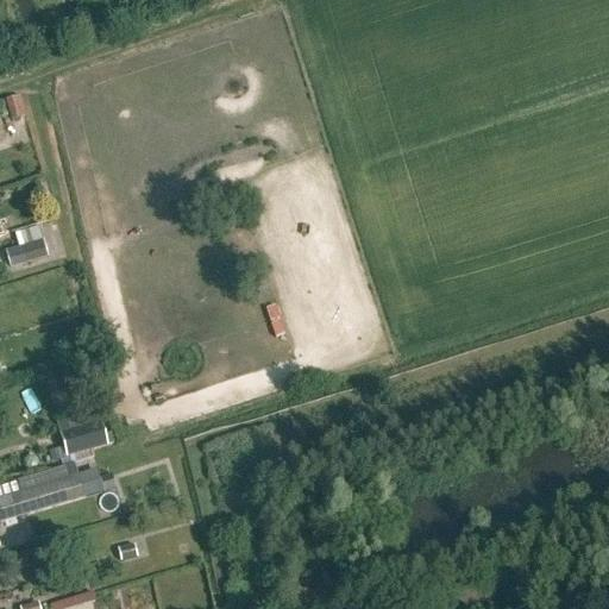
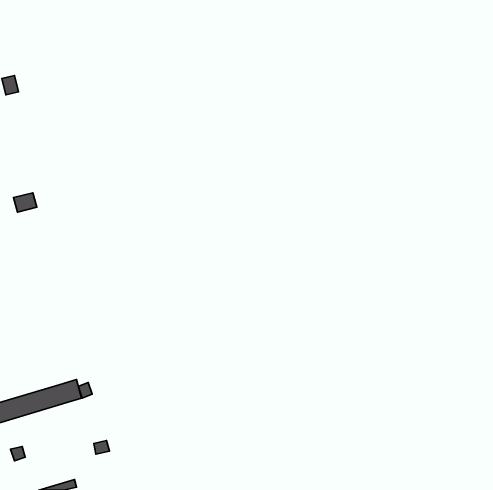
building: [57,417,106,457] -> none

